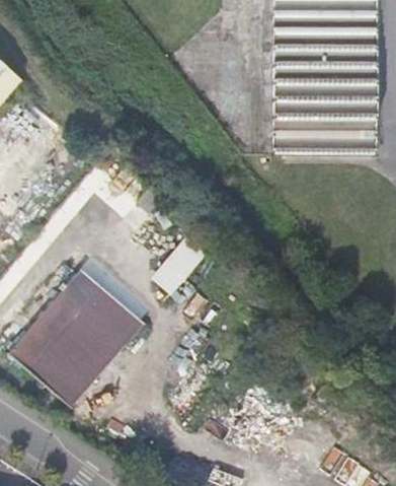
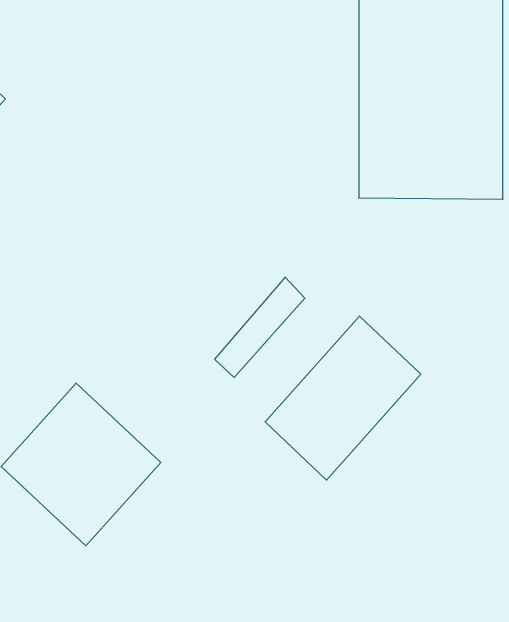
building: none -> [265,316,421,480]
building: [66,262,148,343] -> none

